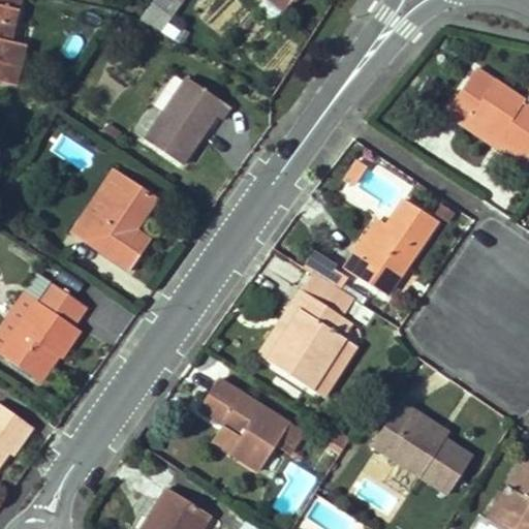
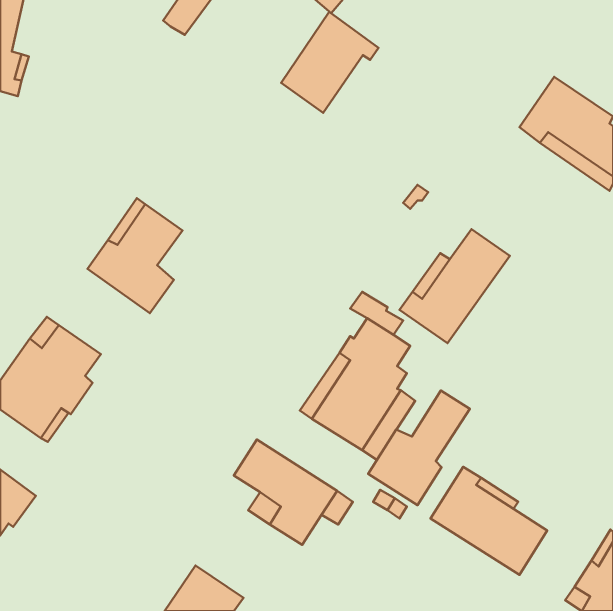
building: [146,76,229,163] -> [281,12,378,113]
building: none -> [368,390,470,505]

